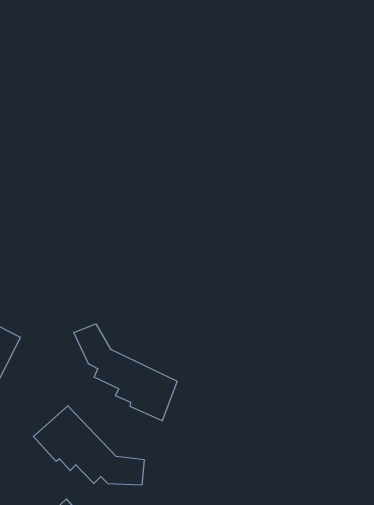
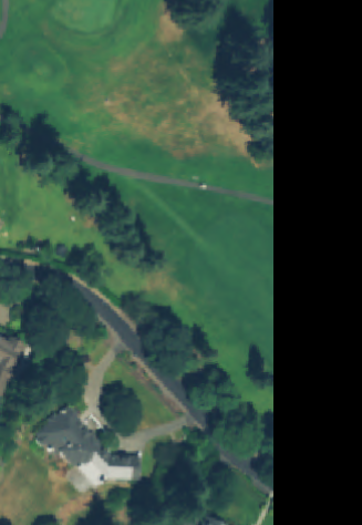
building: [74,324,177,421] -> none

